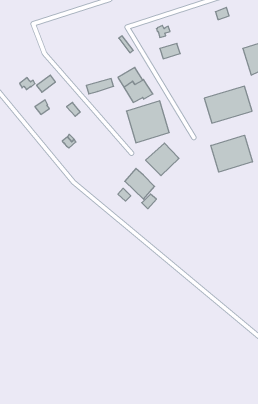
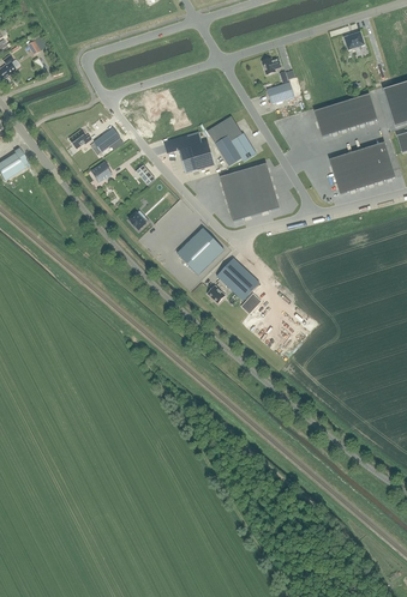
building: none -> [315,92,378,135]
building: none -> [179,140,215,173]
building: [211,135,252,172] -> none
building: [146,143,179,176] -> [176,228,223,273]

